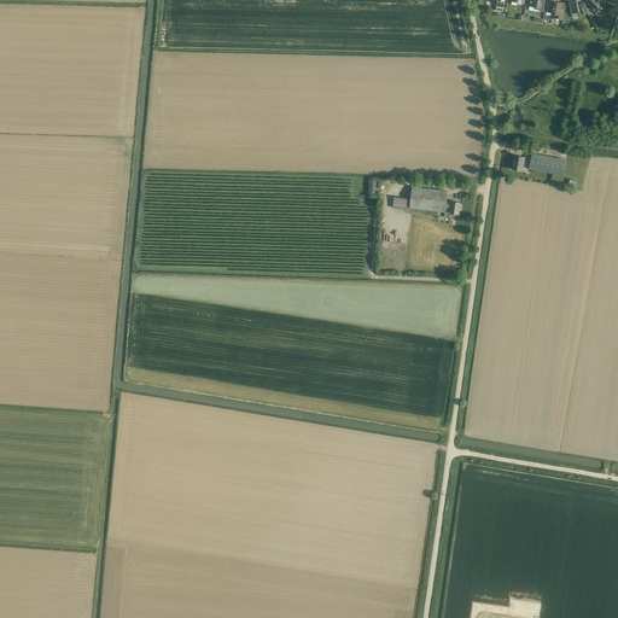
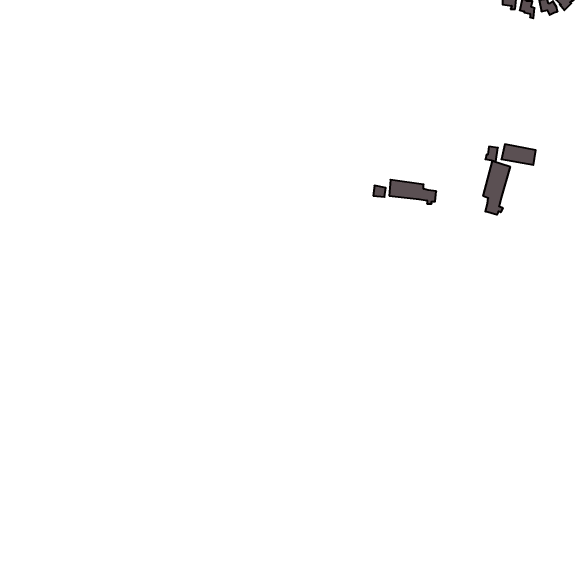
building: none -> [483,161,510,215]

